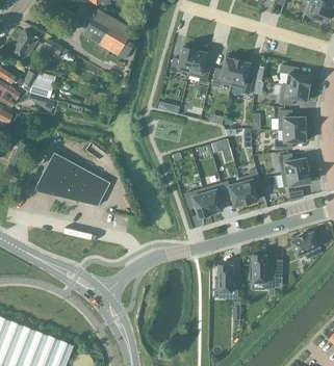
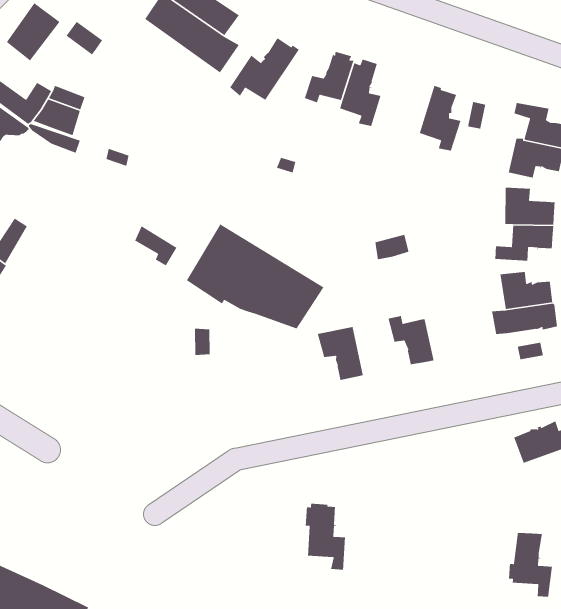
building: none -> [229,37,300,101]
building: [212,55,237,87] -> none
building: [37,152,110,206] -> [186,223,324,331]
building: [238,168,260,204] -> none
building: [203,183,225,214] -> none
building: [250,255,273,288] -> [508,532,553,598]
building: [215,264,237,298] -> [305,503,346,571]

